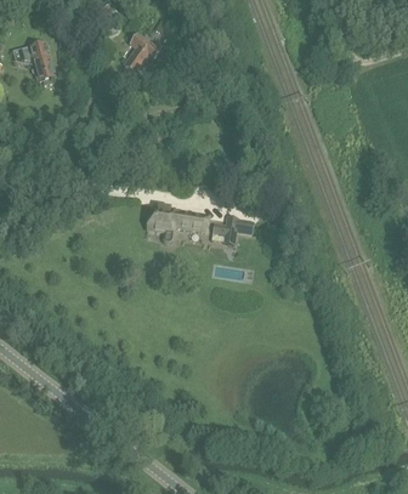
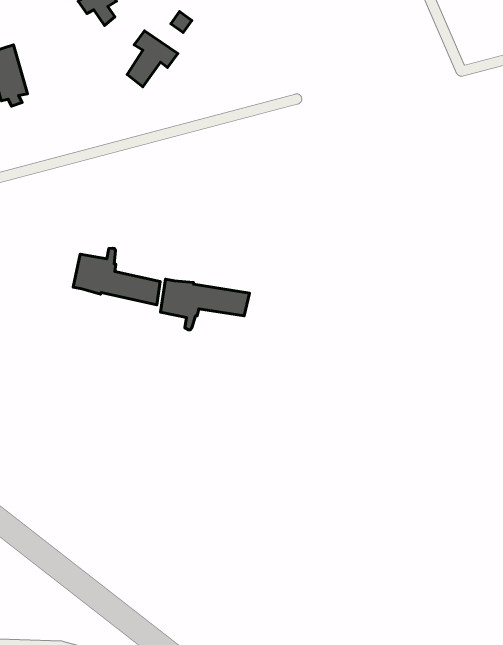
building: none -> [73,248,160,305]
building: [212,217,253,245] -> none

